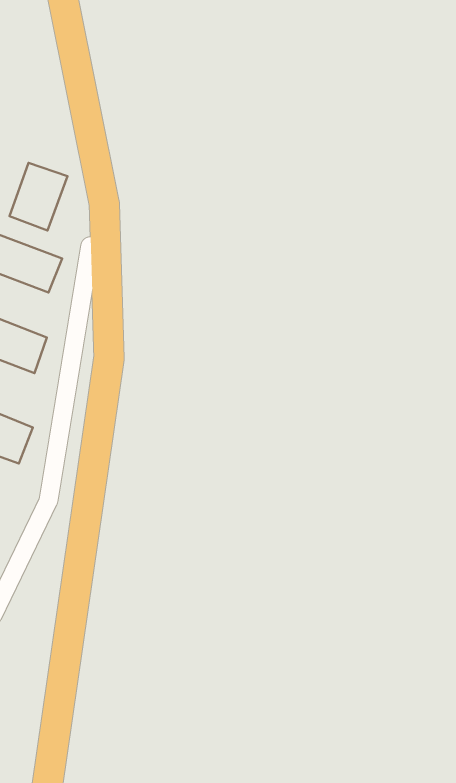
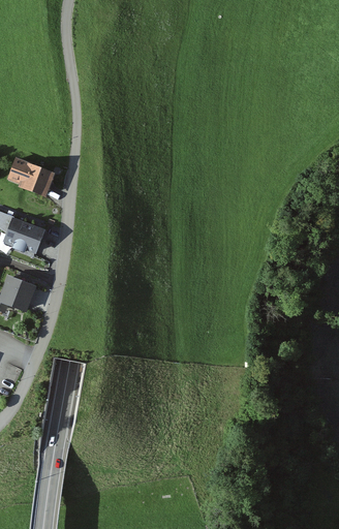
building: [9,163,68,231] -> none

